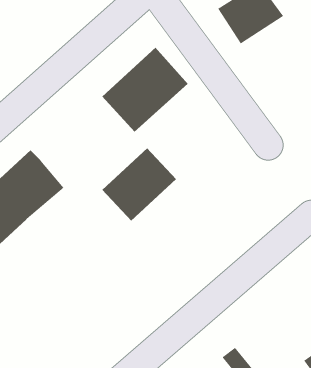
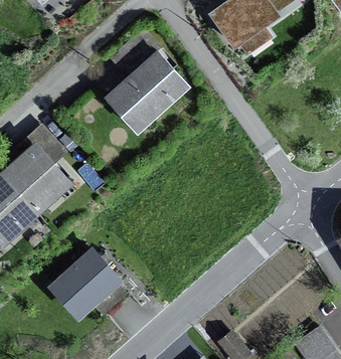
building: [101,147,177,222] -> [54,250,126,321]

